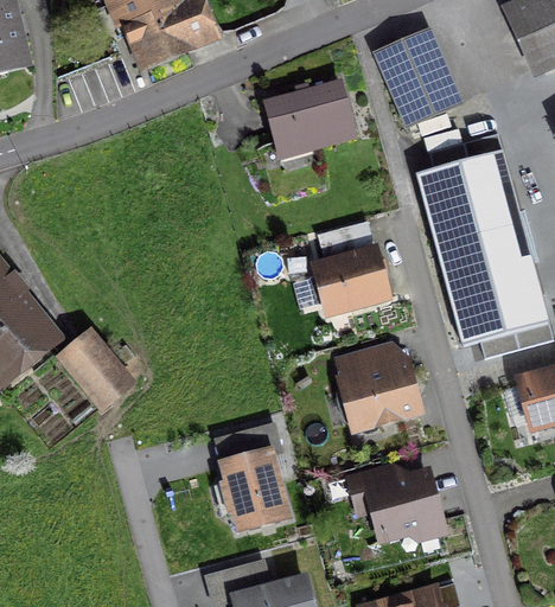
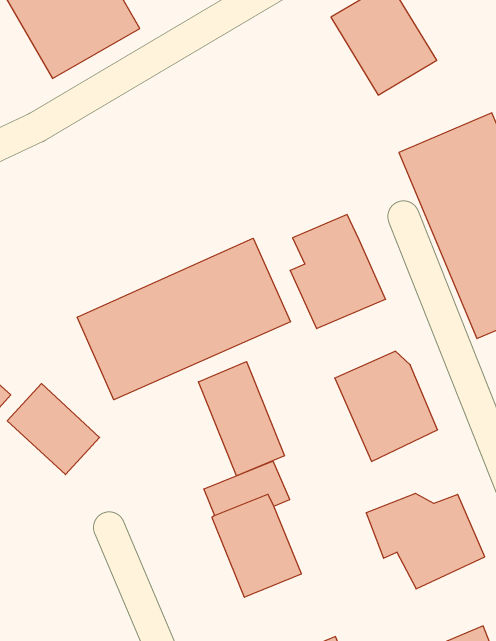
building: [266,83,353,154] -> none
building: none -> [77,238,290,400]
building: none -> [198,362,284,476]

